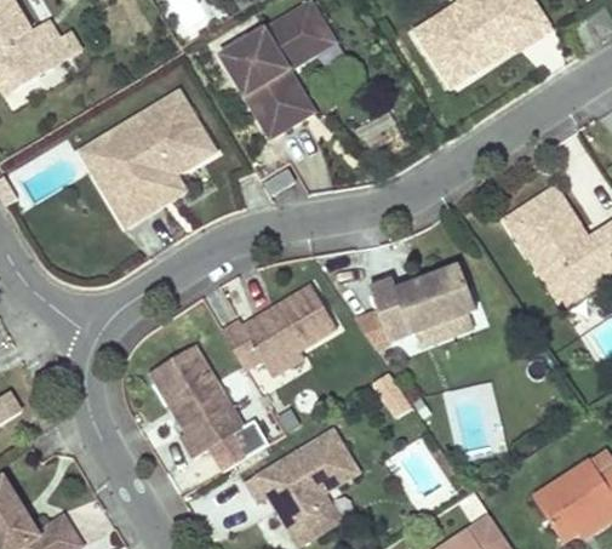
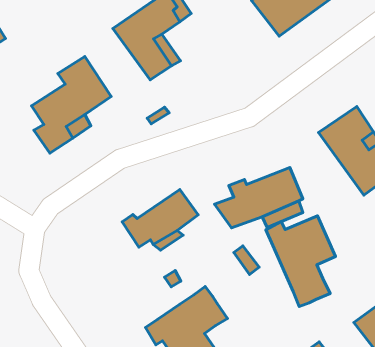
building: [76,113,149,191] -> none
building: [150,336,267,467] -> none
building: none -> [266,216,335,306]

